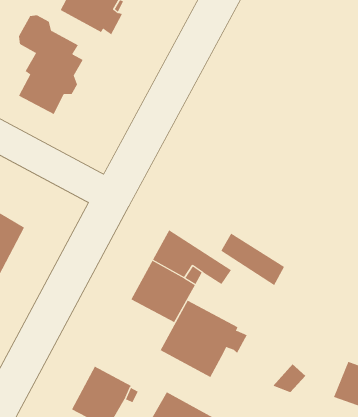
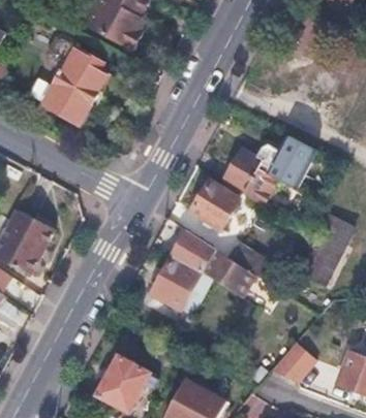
building: none -> [221,134,315,206]
building: none -> [190,183,238,229]
building: none -> [300,215,355,285]
building: [160,300,248,378] -> none

